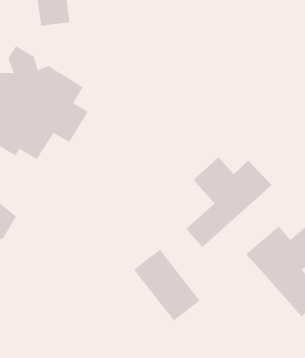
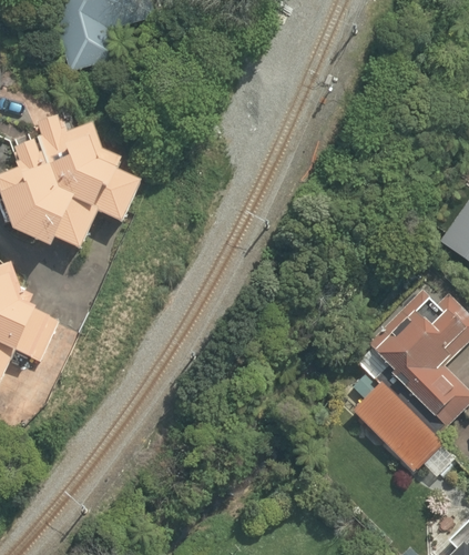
building: [186,157,272,248] -> none
building: [133,249,200,321] -> [348,379,441,473]

